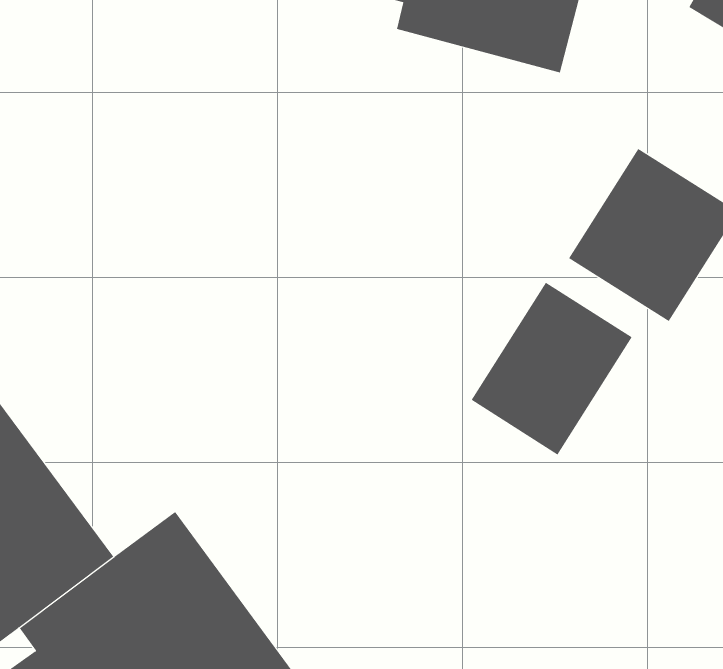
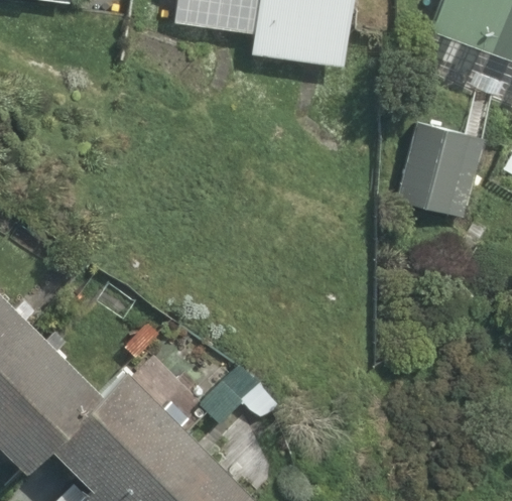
building: [471,282,633,455] -> none

